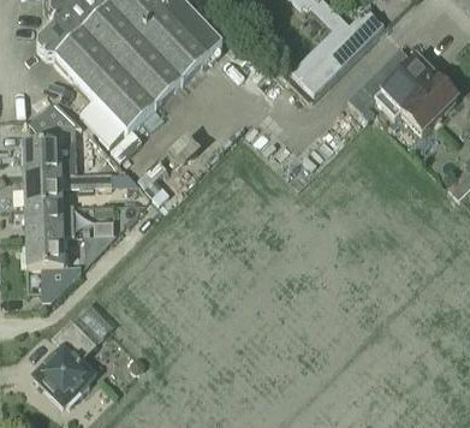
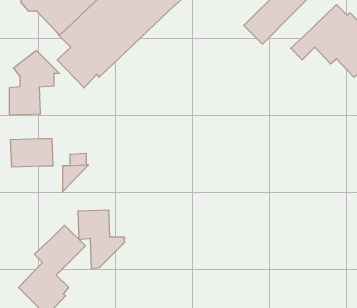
building: [24,171,112,203] -> none
building: [26,233,81,301] -> [78,210,125,268]

